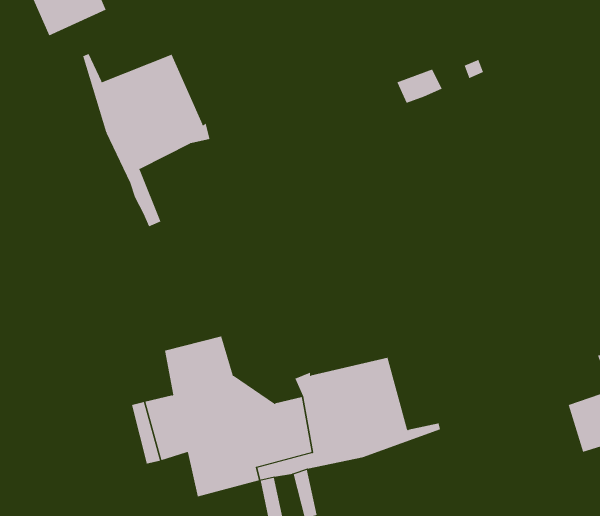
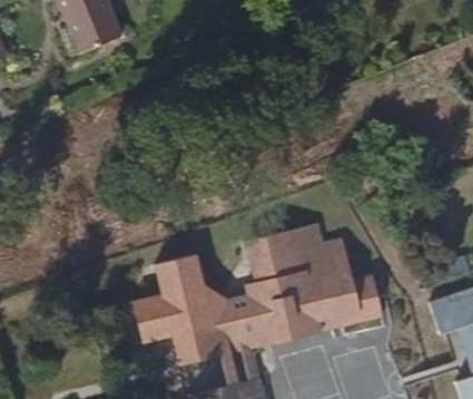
building: [83,53,210,227] -> none
building: none -> [247,222,380,337]

